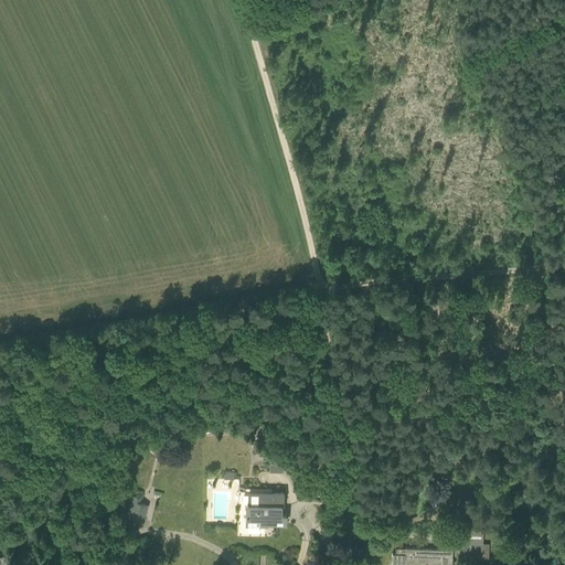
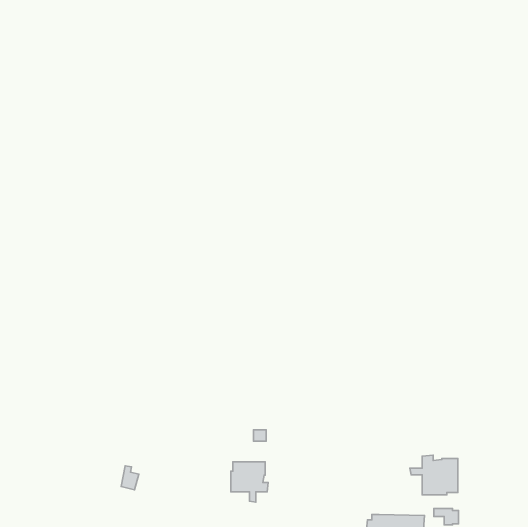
building: none -> [410,455,458,495]

